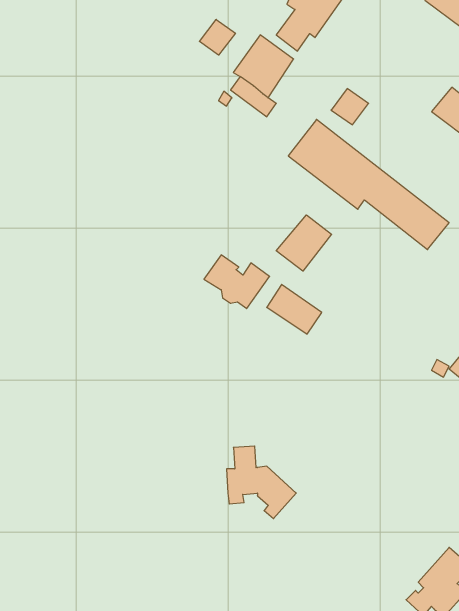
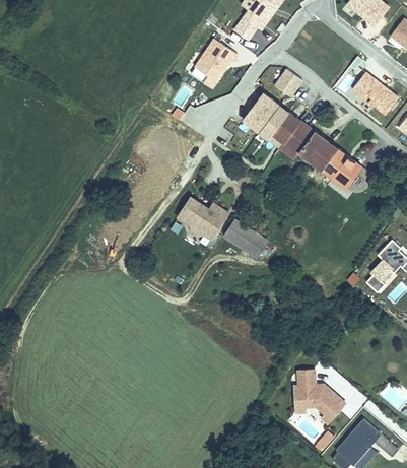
building: [199,19,235,55] -> none
building: [276,215,332,271] -> none
building: [227,446,296,519] -> [293,367,346,422]

